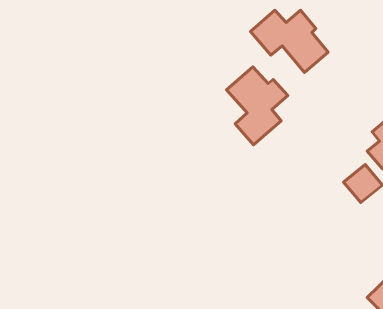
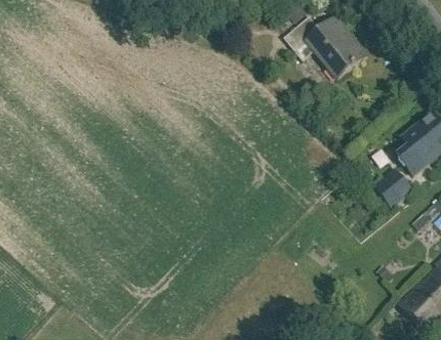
building: [226,67,288,145] -> none

